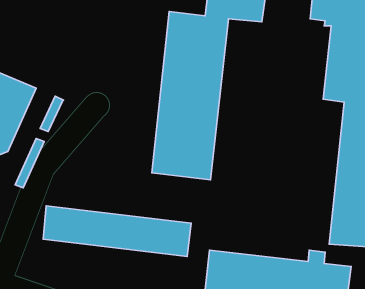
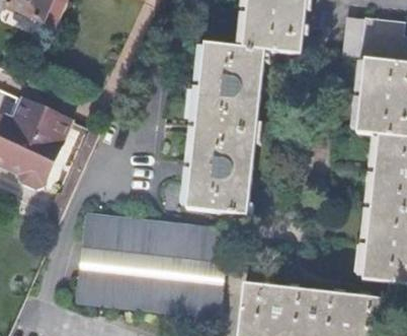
building: none -> [82,212,231,256]
building: none -> [76,272,224,315]

